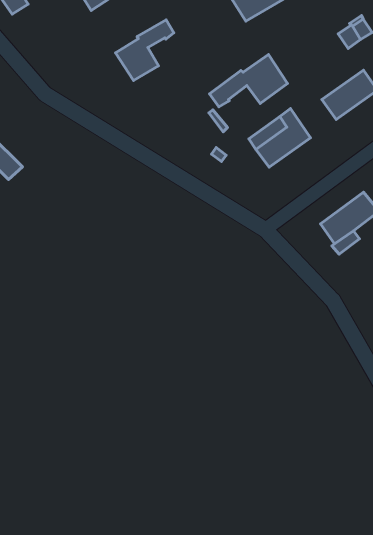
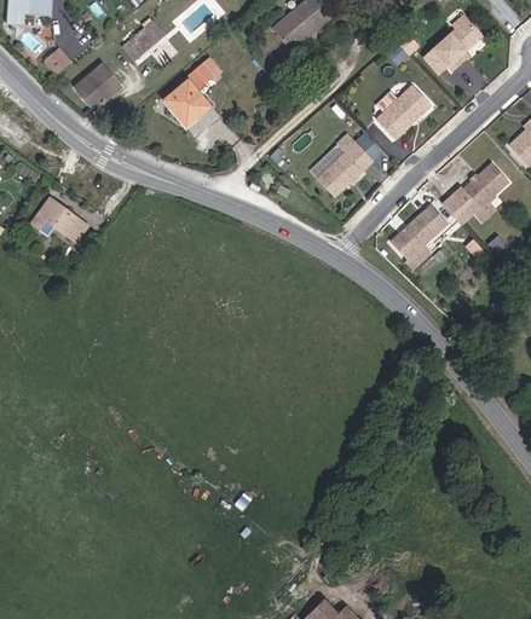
building: none -> [75,64,121,109]
building: [210,55,288,107] -> none

